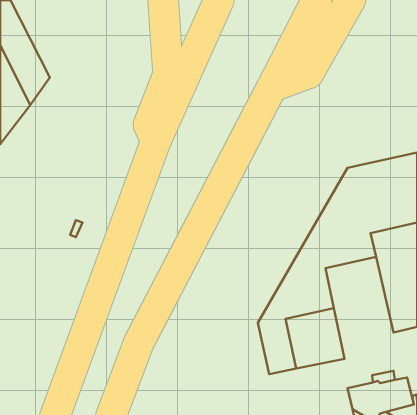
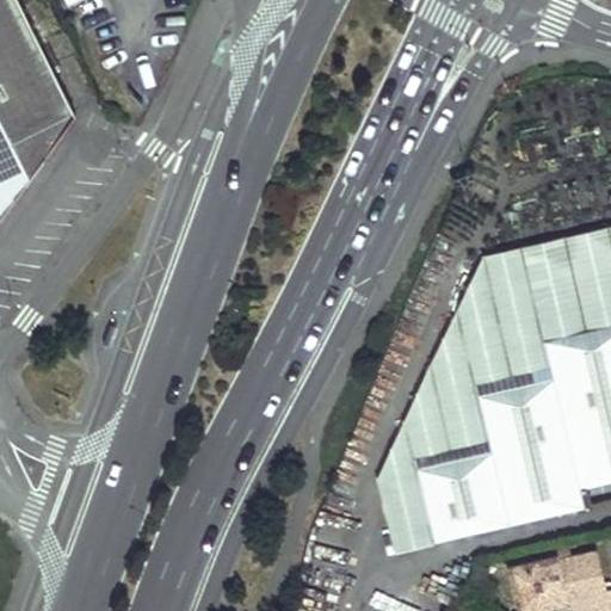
building: none -> [476,378,584,527]

